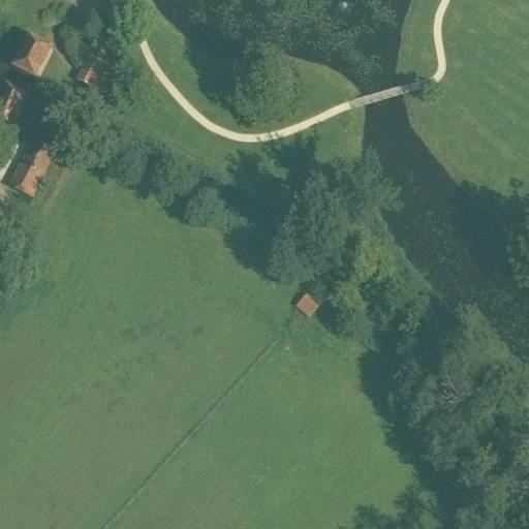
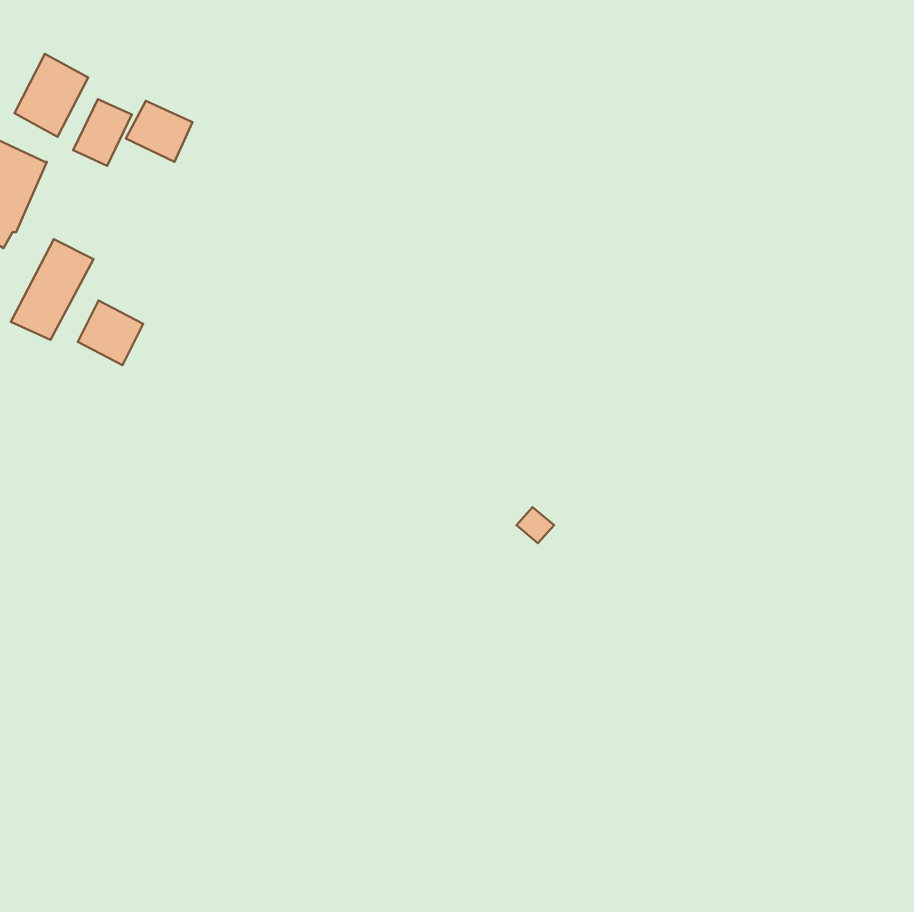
building: none -> [73,99,132,166]
building: none -> [78,300,143,365]

